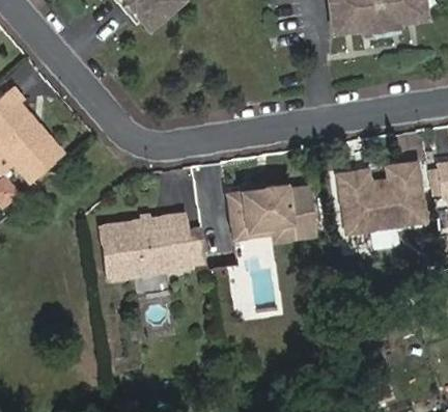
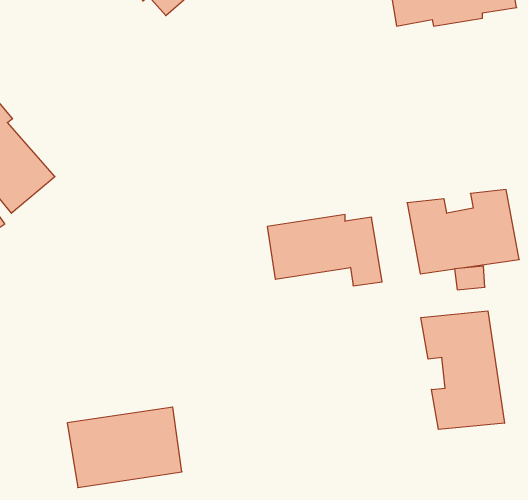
building: [100,215,190,278] -> [67,407,182,488]
building: none -> [421,311,504,429]

